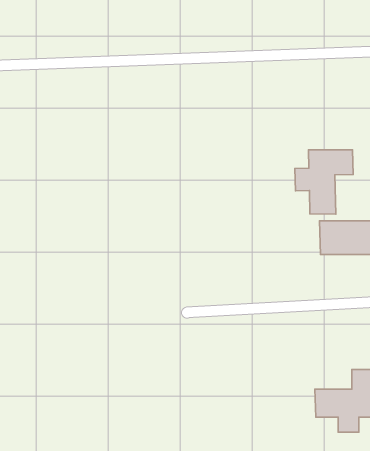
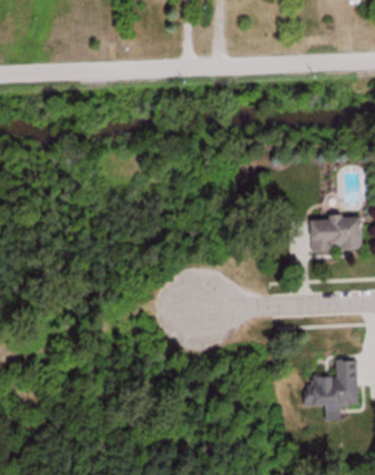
building: [295,150,353,214] -> none

